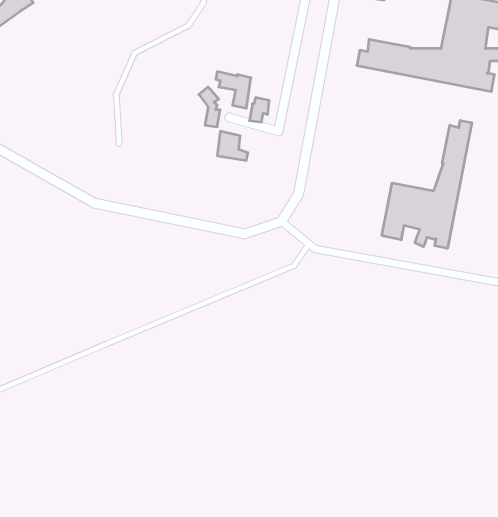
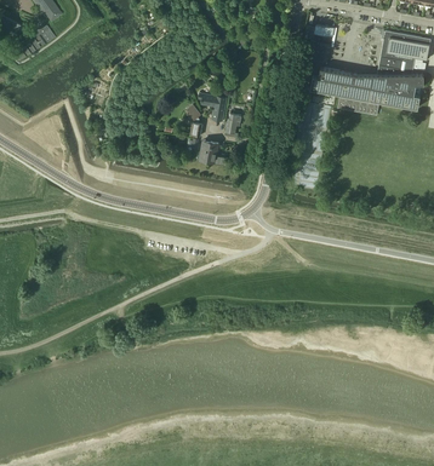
building: [382,120,472,248] -> none

